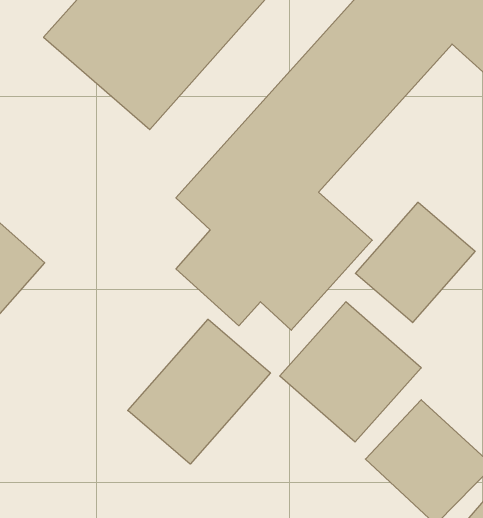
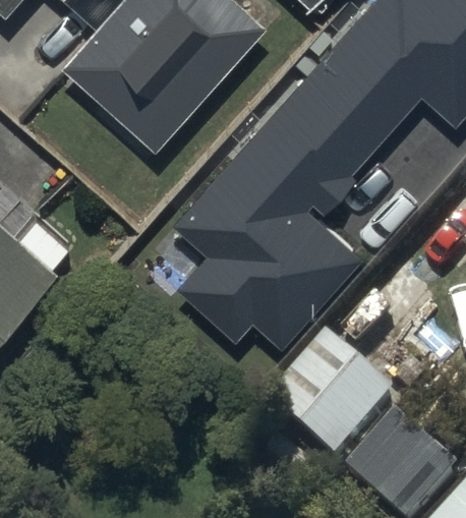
building: [355,202,475,323] -> none
building: [128,319,270,464] -> none

